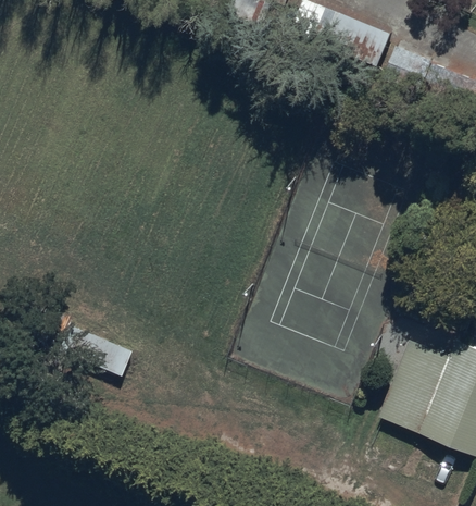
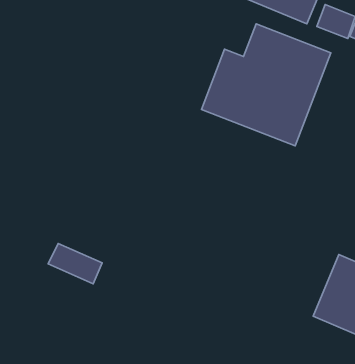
building: none -> [202,24,331,146]

